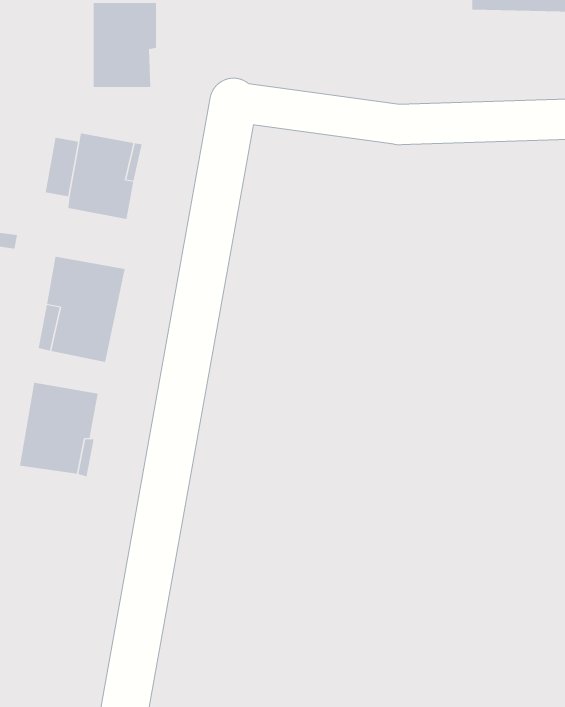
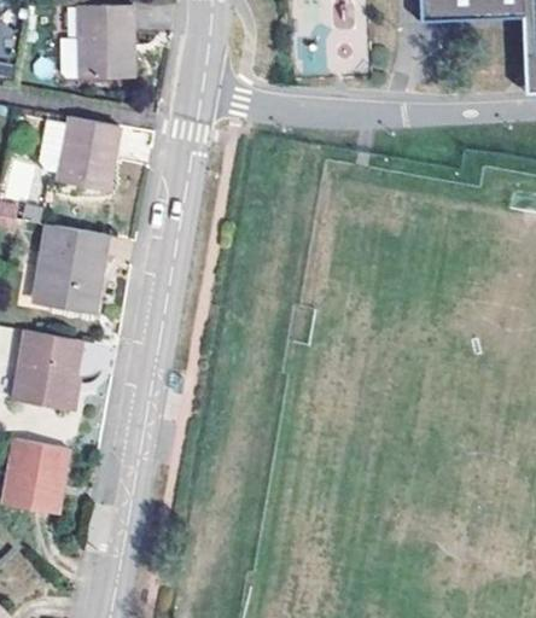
building: none -> [8,437,71,513]

